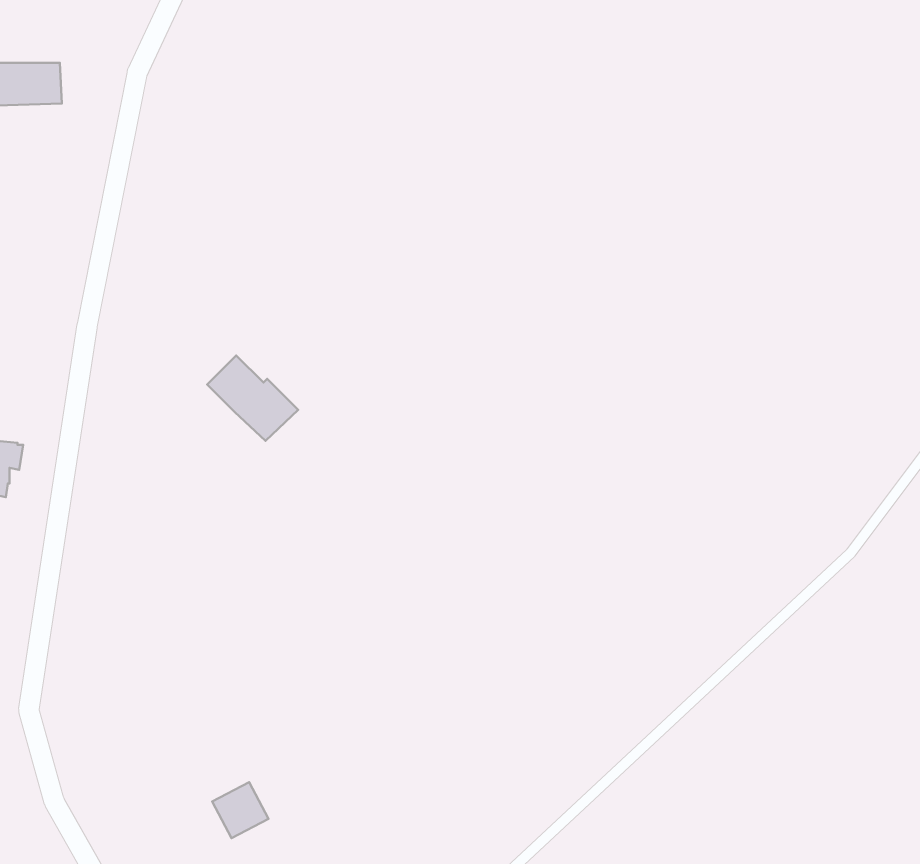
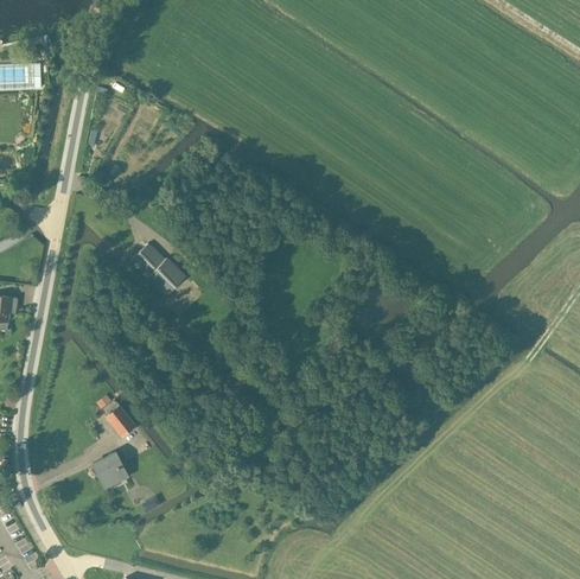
building: none -> [103,405,136,438]
building: [212,782,268,838] -> [91,452,126,486]

